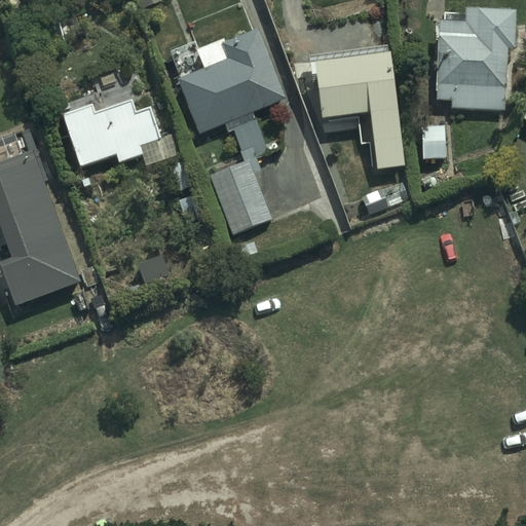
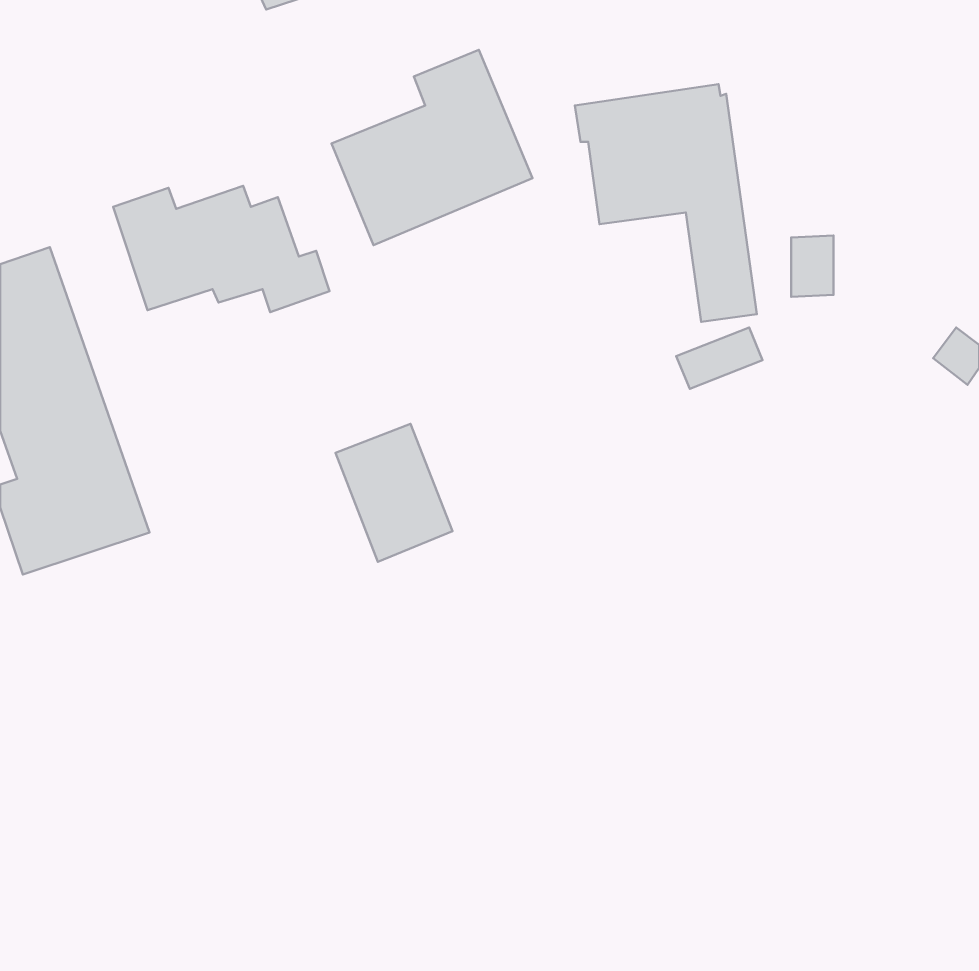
building: [437,6,517,109] -> none
building: [210,159,272,233] -> [336,424,453,562]

